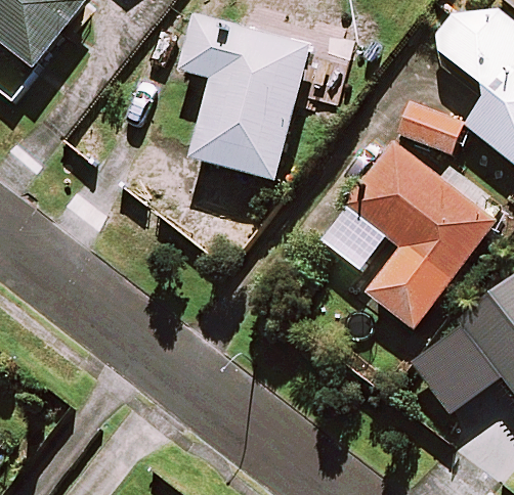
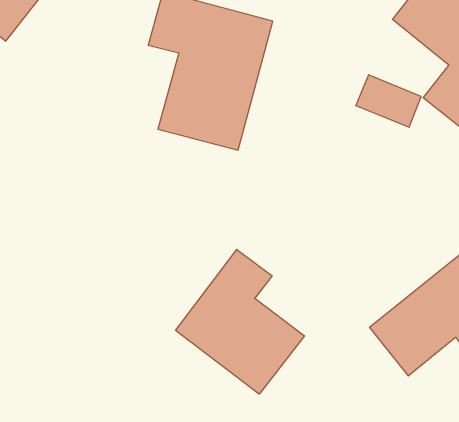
building: [349,144,495,326] -> none
building: none -> [176,249,304,394]

